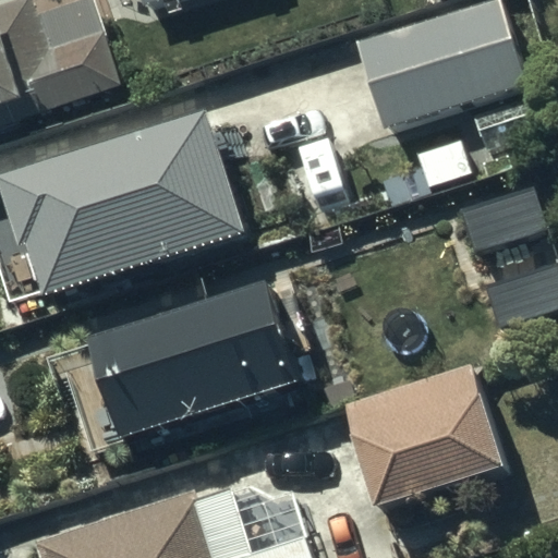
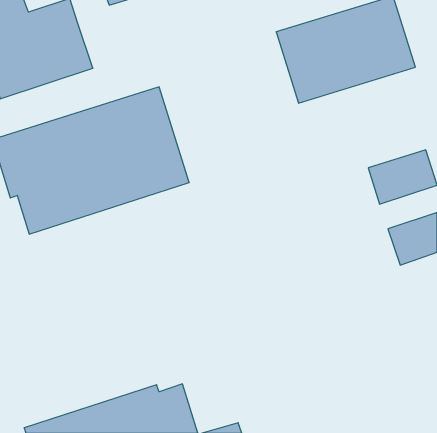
building: [101,296,313,456] -> none
building: [337,364,504,509] -> none

